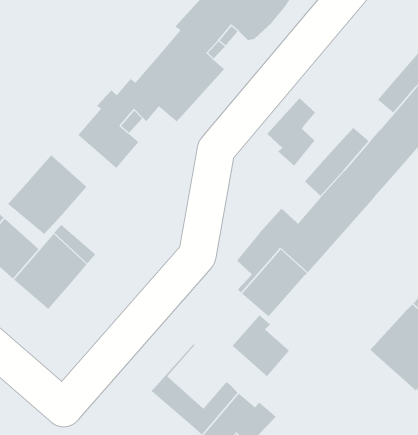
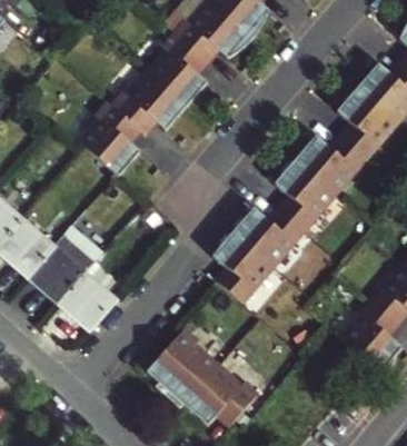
building: [266,97,316,166] -> none
building: [7,155,87,235] -> none
building: none -> [56,270,110,325]
building: [232,314,290,377] -> [161,328,212,384]

